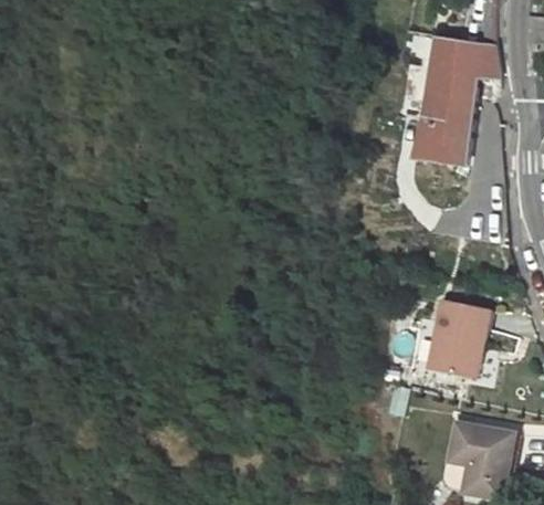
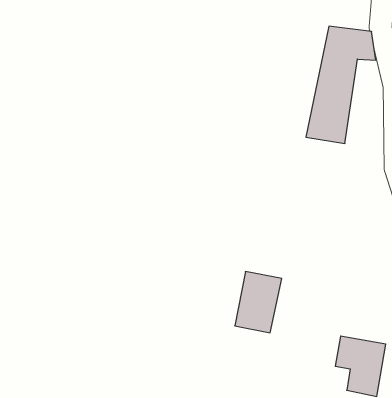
building: [430,299,489,376] -> [235,272,282,333]

